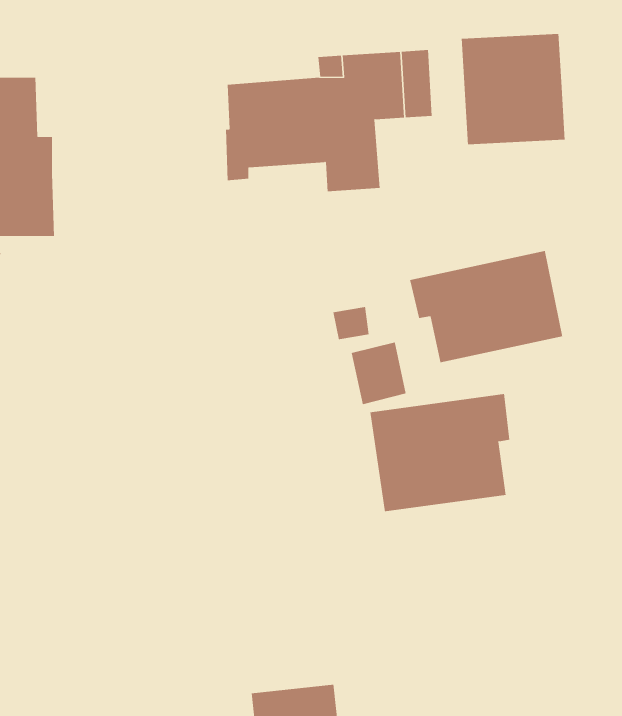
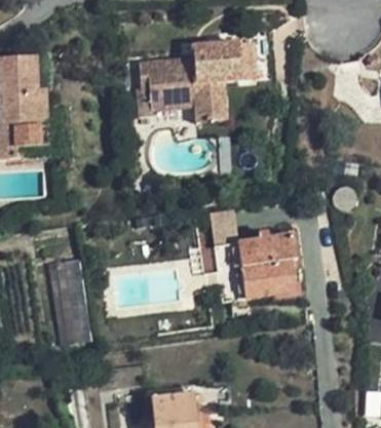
building: [461,33,565,145] -> none
building: [410,250,563,363] -> none
building: none -> [47,257,90,342]

